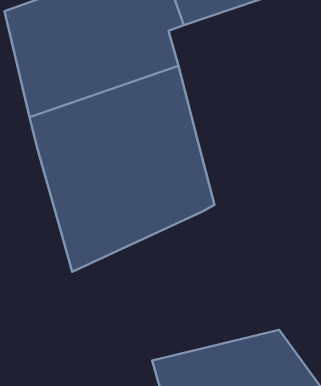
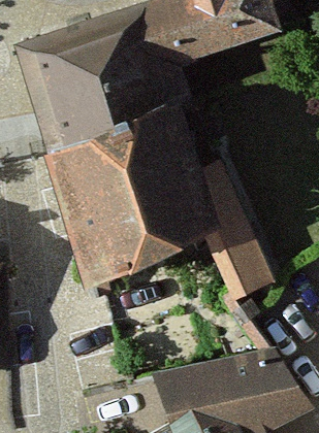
building: none -> [199,165,276,302]

